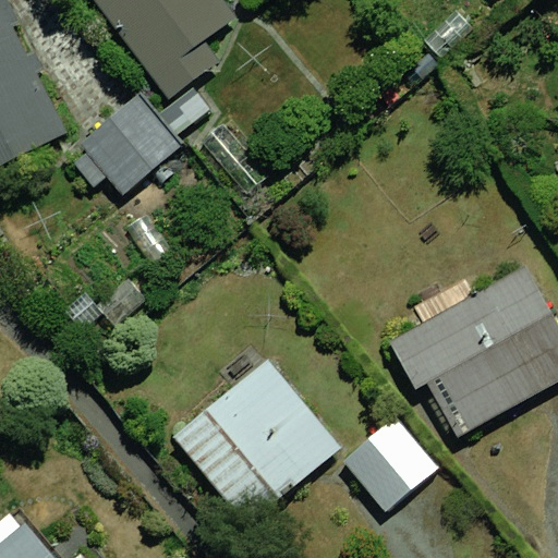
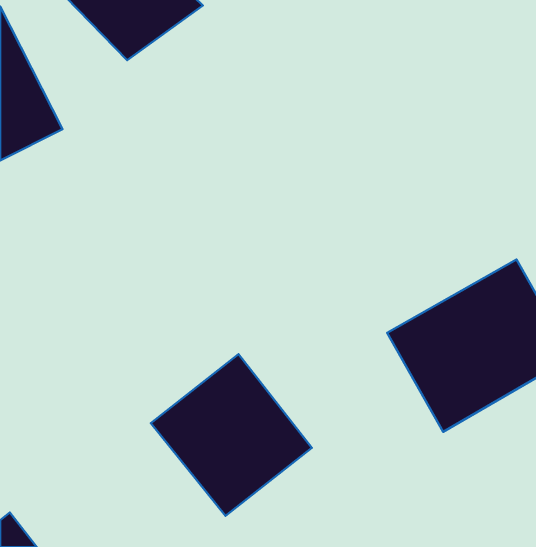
building: [76,96,182,204] -> none
building: [330,415,427,514] -> none

